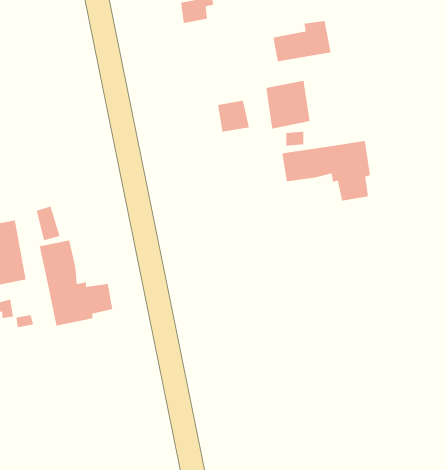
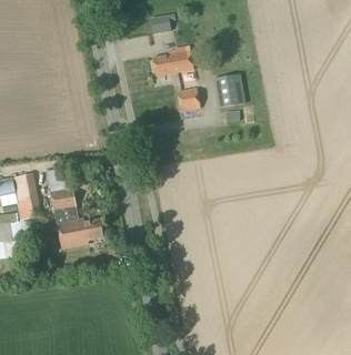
building: [272,20,331,62] -> [151,45,193,75]
building: [281,140,371,202] -> none

